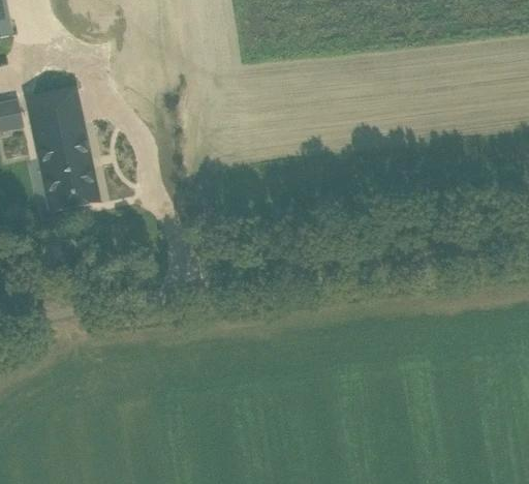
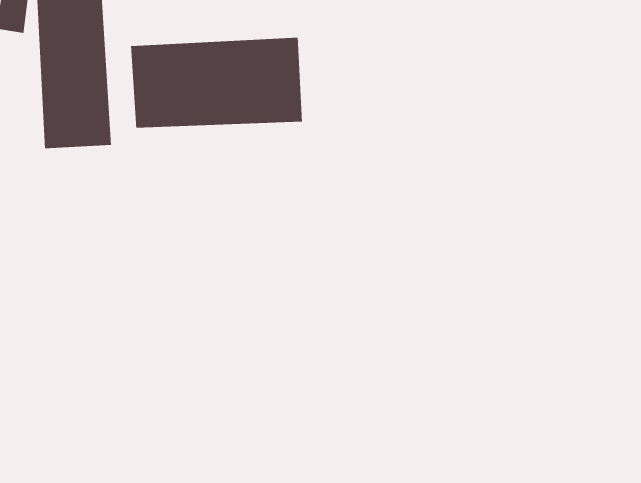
building: none -> [130,37,302,129]

